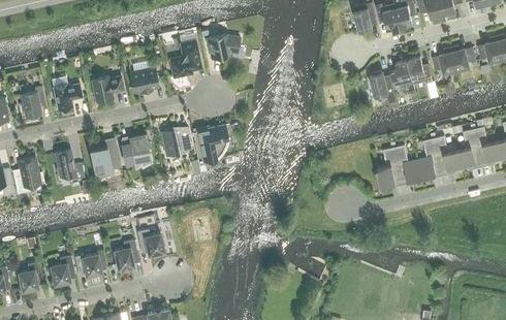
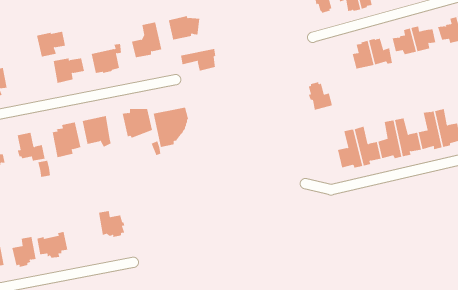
building: none -> [180,48,216,71]
building: [370,71,394,100] -> [308,82,333,111]
building: [53,84,83,109] -> [36,31,66,57]
building: [115,239,139,270] -> none

